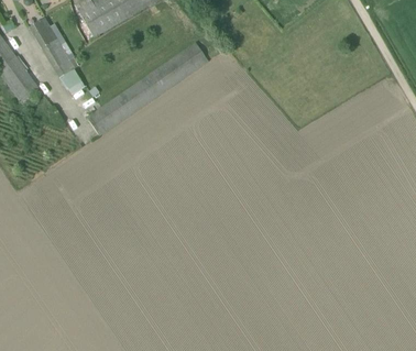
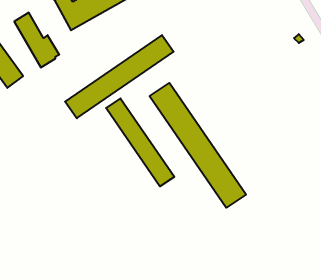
building: none -> [150,83,246,208]
building: none -> [106,98,174,186]

